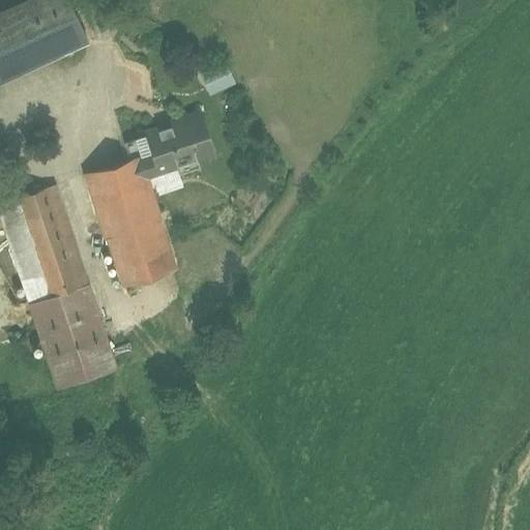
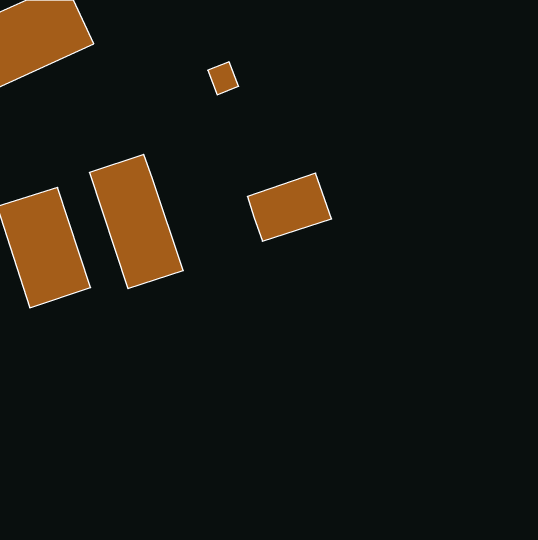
building: [134,112,215,178] -> [247,173,332,241]
building: [29,284,117,391] -> none

